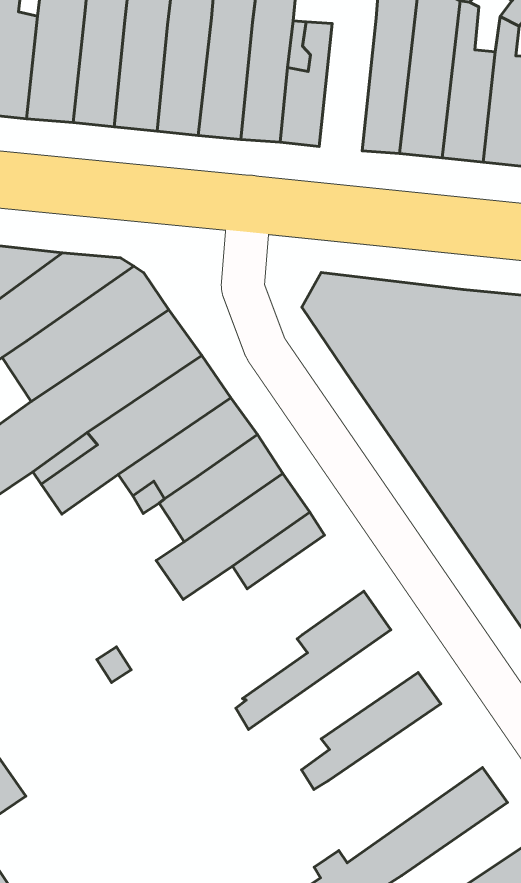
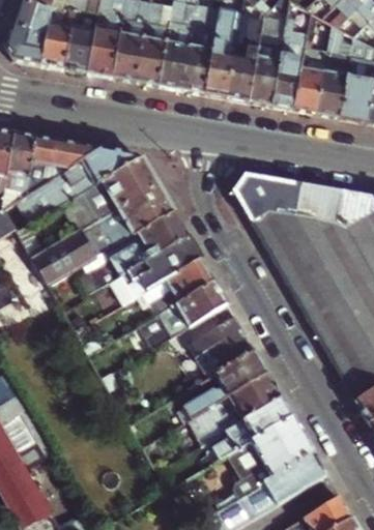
building: none -> [249,26,286,104]
building: none -> [190,317,255,372]
building: none -> [177,373,282,445]
building: none -> [227,416,314,501]

